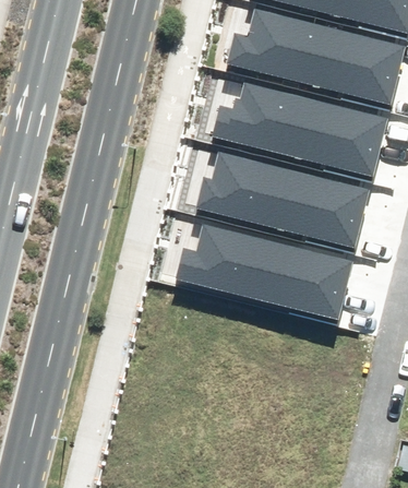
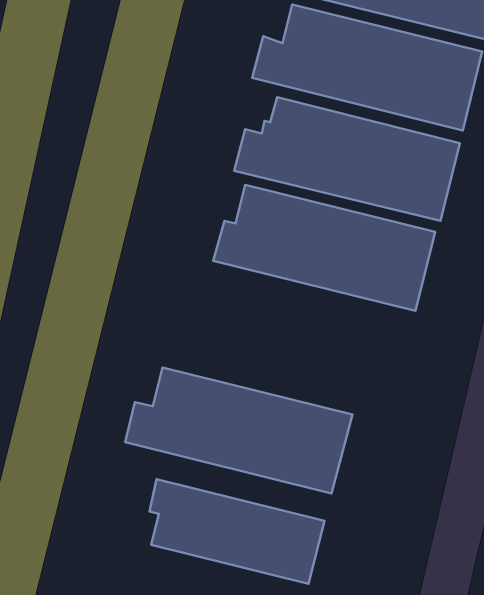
building: [175,221,353,320] -> [125,367,352,494]
building: none -> [149,479,324,584]

